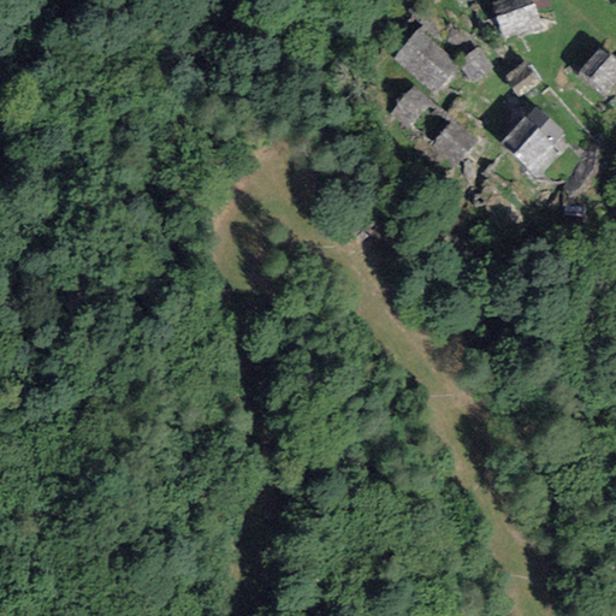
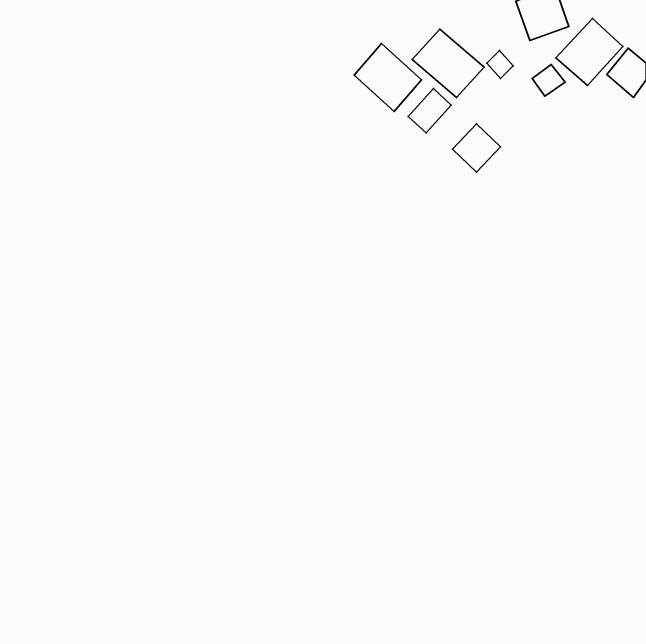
building: none -> [354,43,421,112]
building: [499,105,563,168] -> [556,19,623,86]

